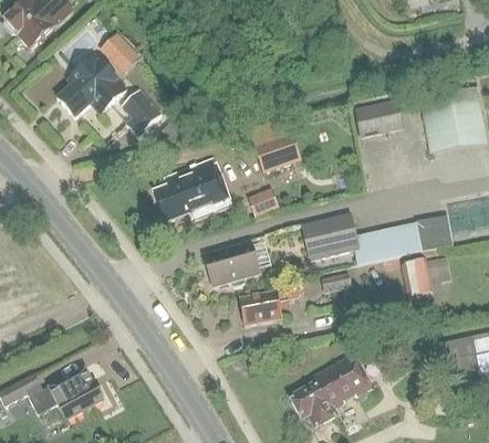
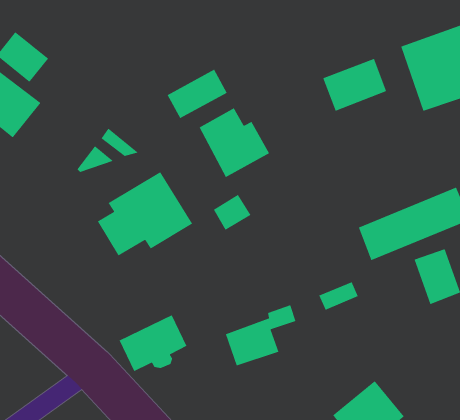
building: none -> [167,68,228,119]
building: [122,88,162,135] -> none
building: [301,213,358,261] -> none
building: [206,243,260,285] -> [118,314,188,372]

